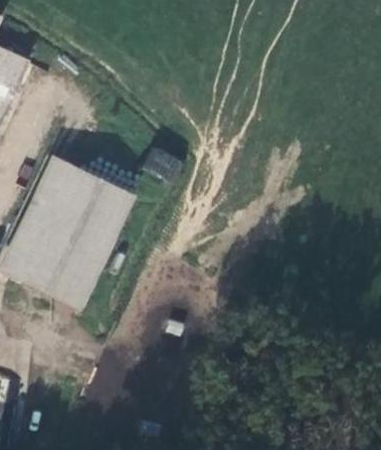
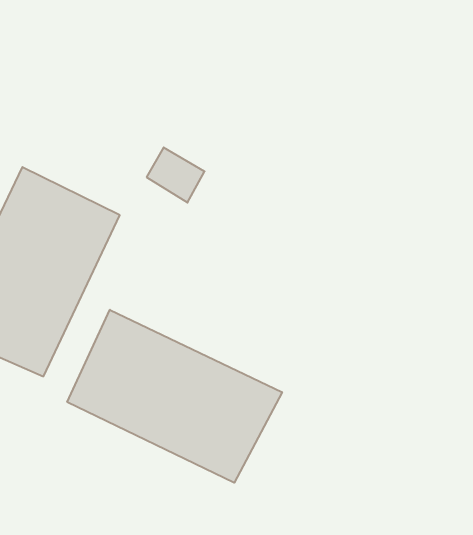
building: none -> [67,310,282,483]

